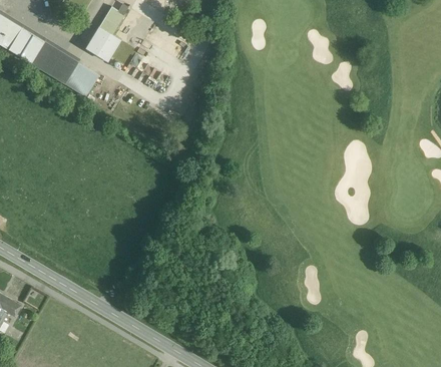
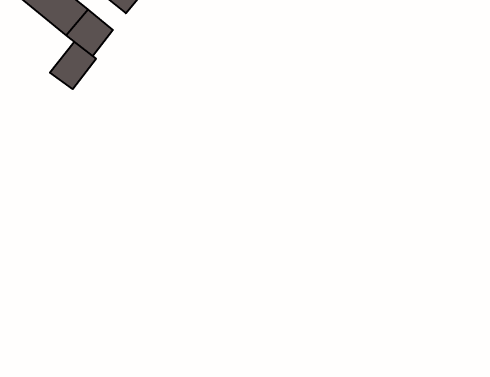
building: none -> [50,42,96,89]

